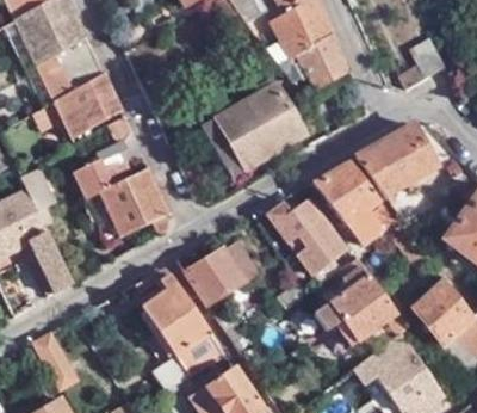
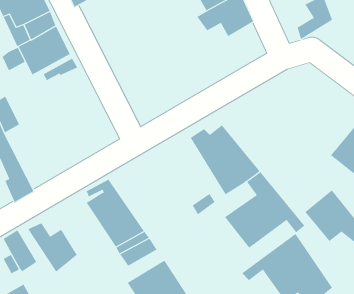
building: [199,79,303,173] -> none
building: [353,124,438,199] -> none
building: [70,137,167,235] -> none
building: [311,160,382,244] -> none
building: [184,241,254,304] -> none
building: none -> [28,222,78,272]

